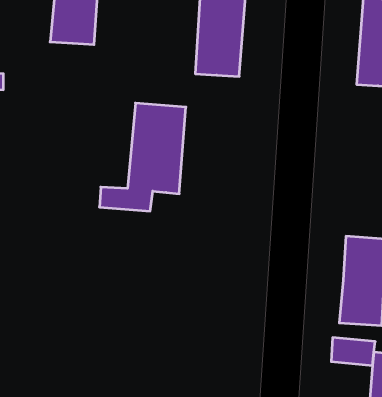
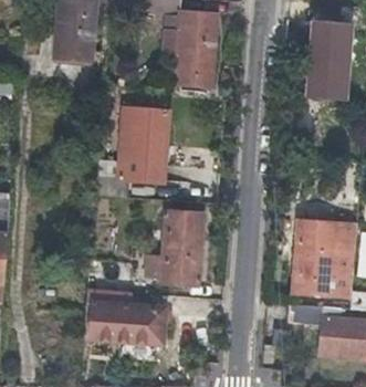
building: none -> [148,211,201,285]
building: none -> [86,287,164,343]

